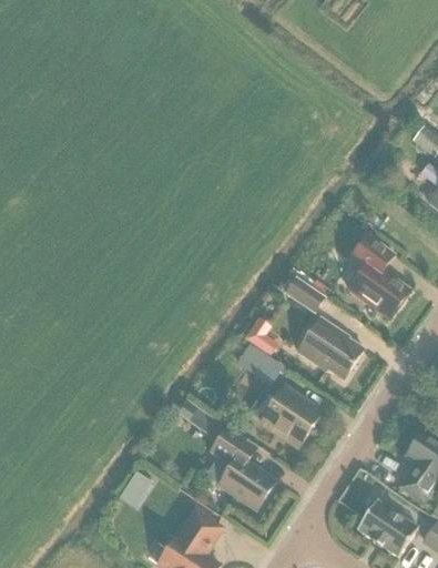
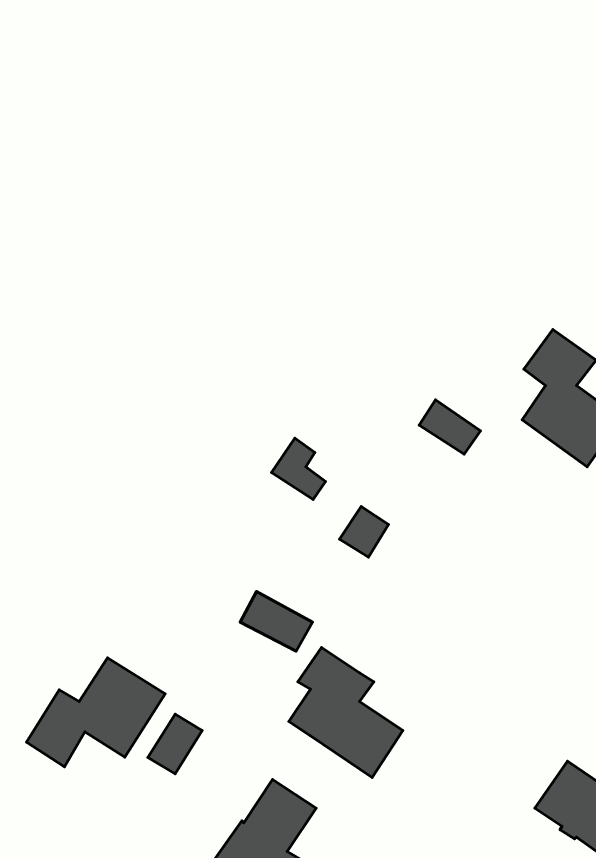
building: [245,316,278,354] -> [271,438,326,499]
building: [298,317,364,379] -> none
building: [249,383,322,447] -> none
building: none -> [27,658,165,767]

